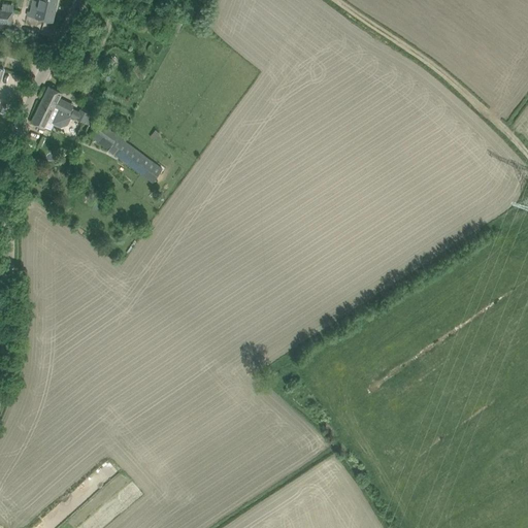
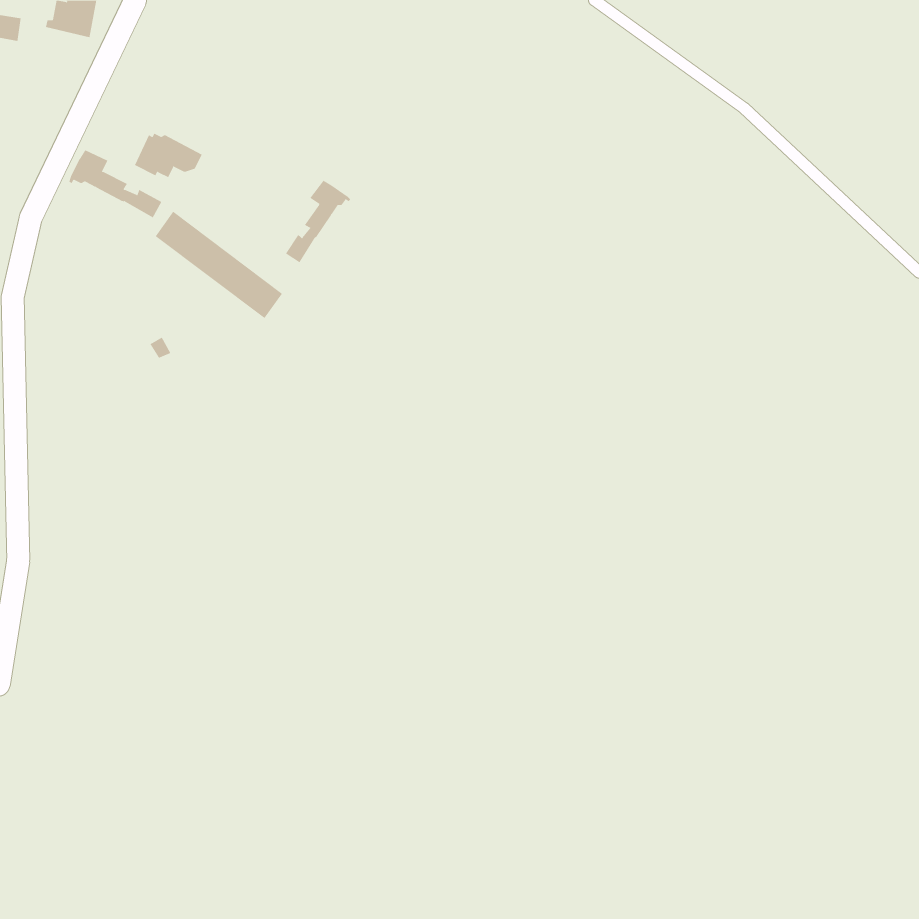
building: none -> [285,180,351,263]
building: [31,104,70,130] -> [134,133,203,178]

